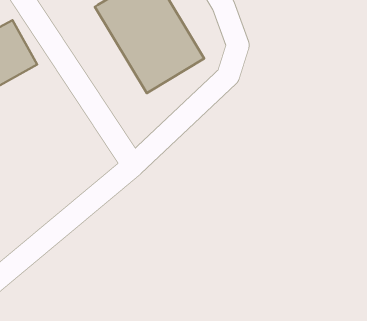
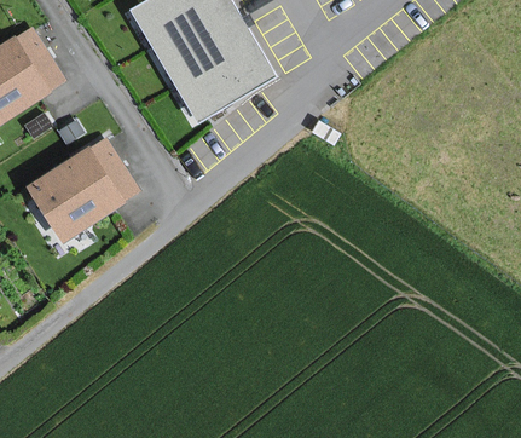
building: none -> [28,139,135,237]

